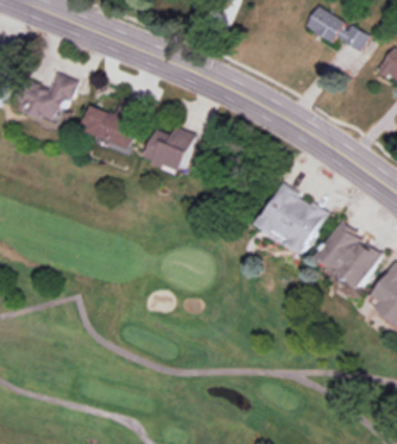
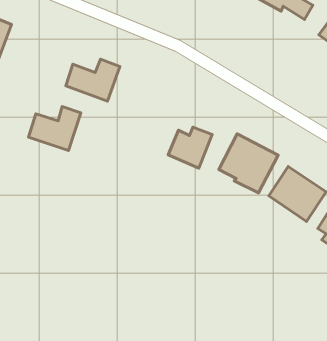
building: [15,73,76,124] -> [29,107,81,151]
building: [145,125,196,173] -> [168,127,212,168]

